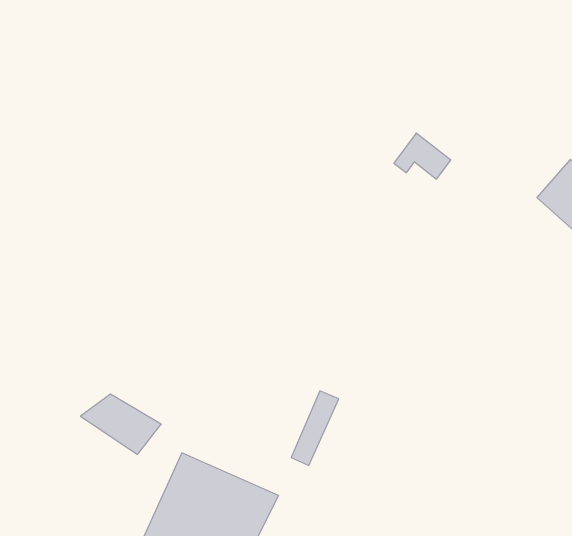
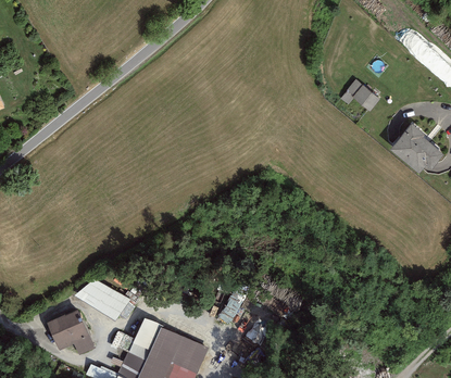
building: [394,133,451,179] -> [340,80,379,112]
building: none -> [48,308,95,356]

